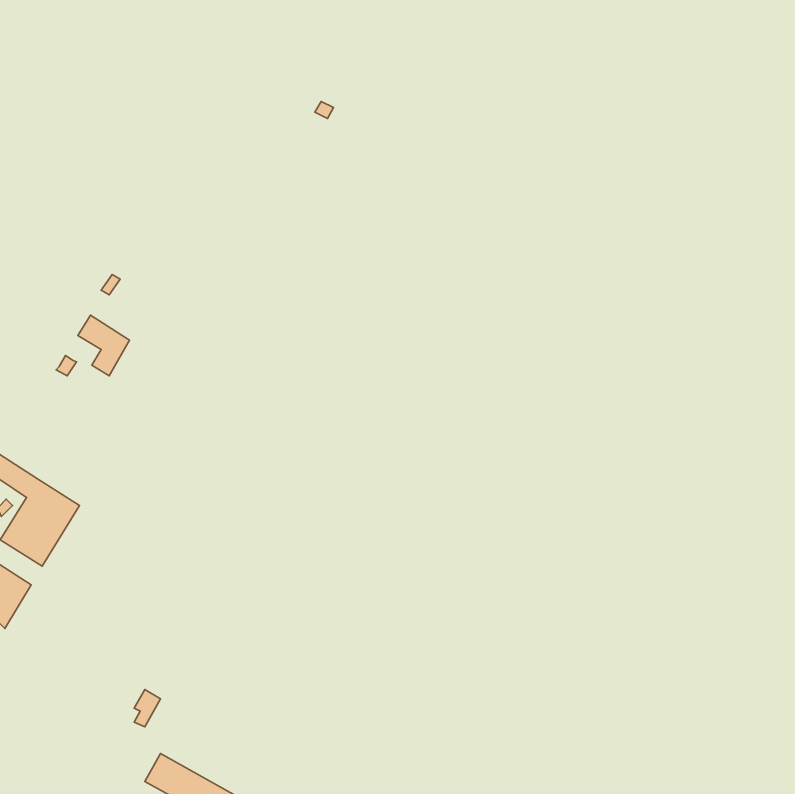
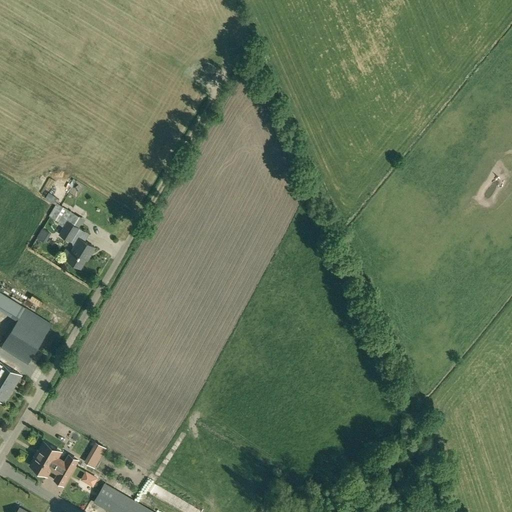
building: none -> [67,240,94,269]
building: none -> [30,444,77,486]

